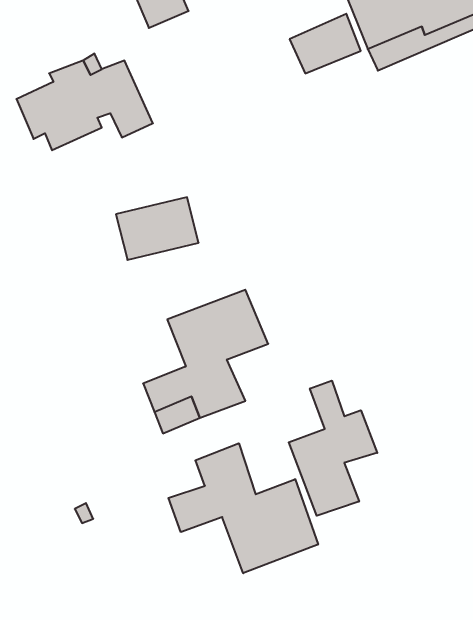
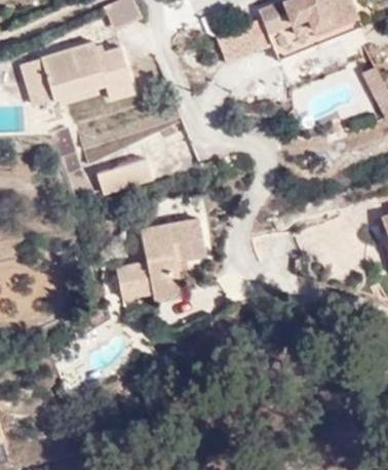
building: [289,381,377,516] -> none
building: [168,443,318,573] -> none

